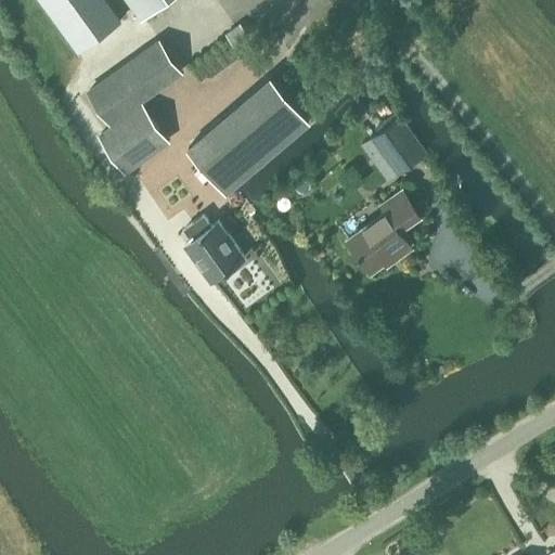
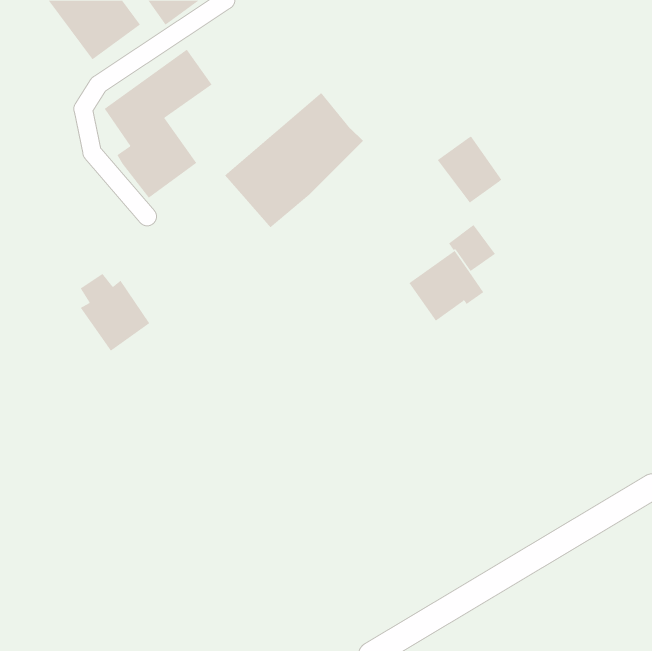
building: [182,218,242,284] -> [80,273,150,351]

